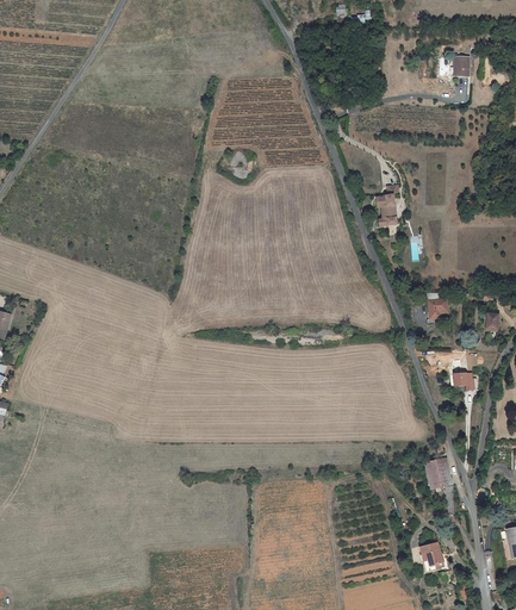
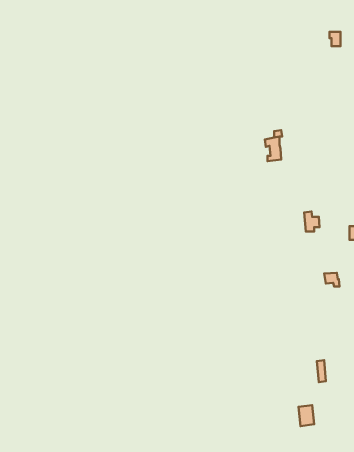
building: [421,455,448,487] -> none

